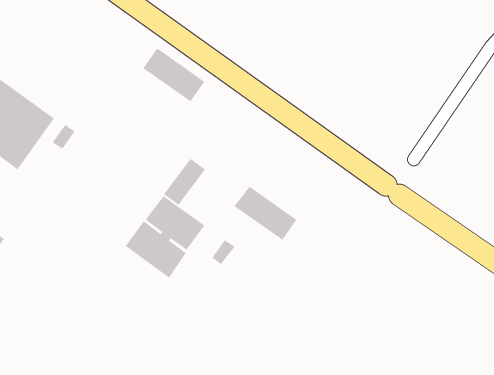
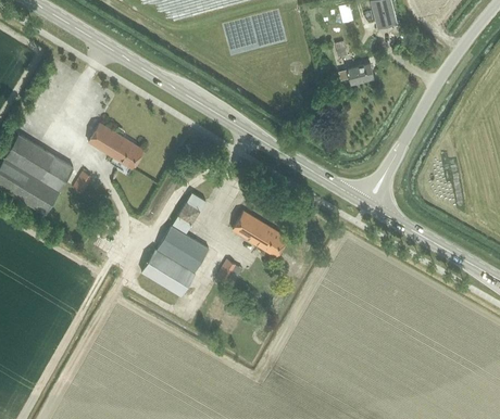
building: none -> [339,63,375,85]
building: [143,48,205,102] -> [89,124,143,168]

